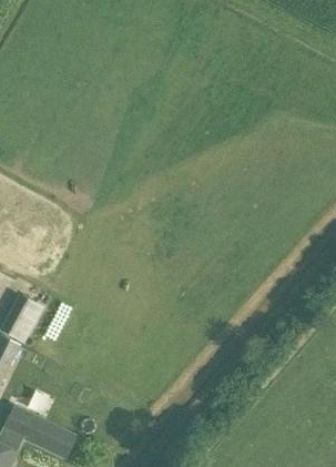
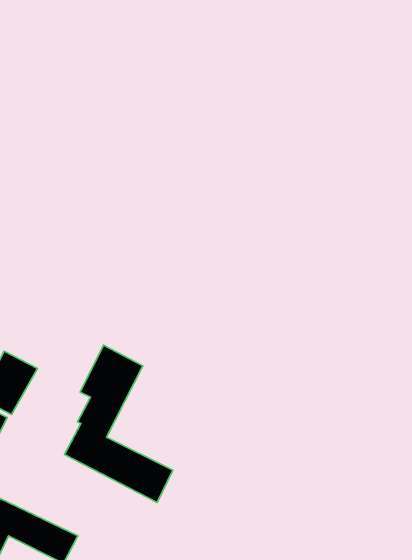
building: none -> [65,345,173,503]

